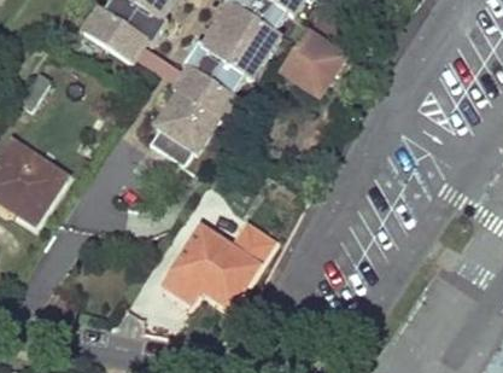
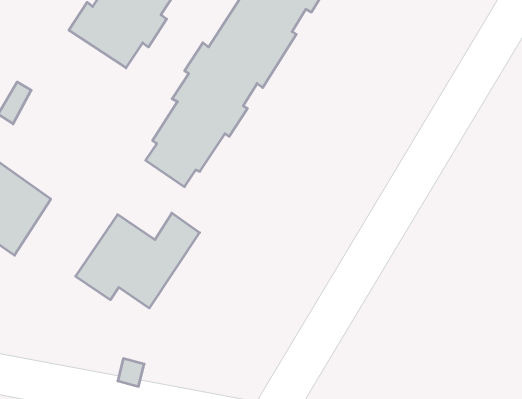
building: [279,14,345,94] -> none
building: [165,225,273,307] -> [76,213,200,308]

